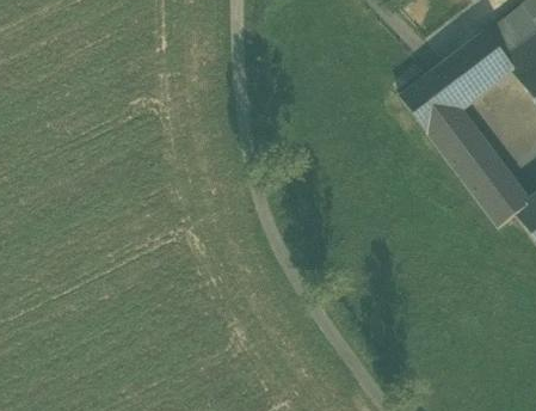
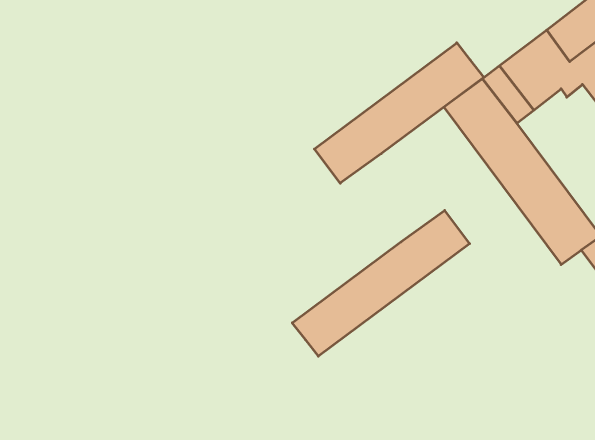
building: none -> [314,43,484,183]
building: none -> [292,210,470,356]

